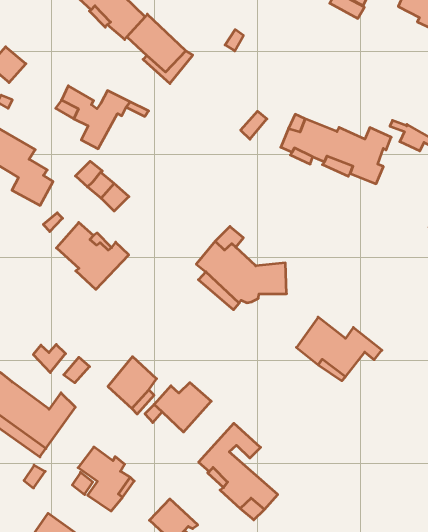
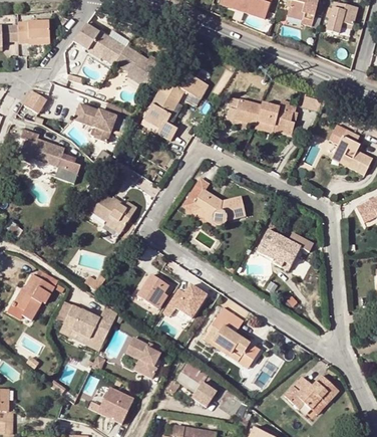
building: none -> [143,69,208,141]

